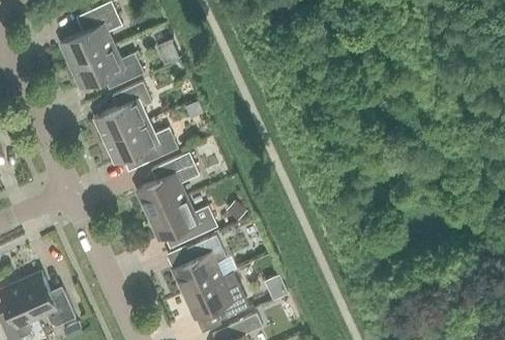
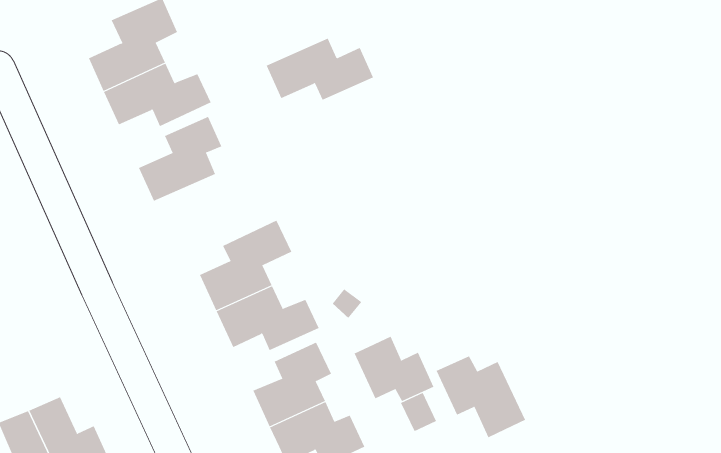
building: [105,122,178,165] -> [266,38,374,101]
building: none -> [354,336,434,402]
building: none -> [436,355,526,438]

